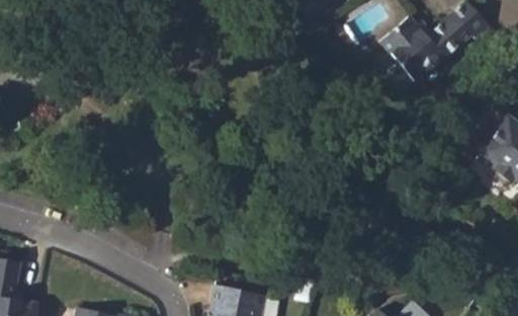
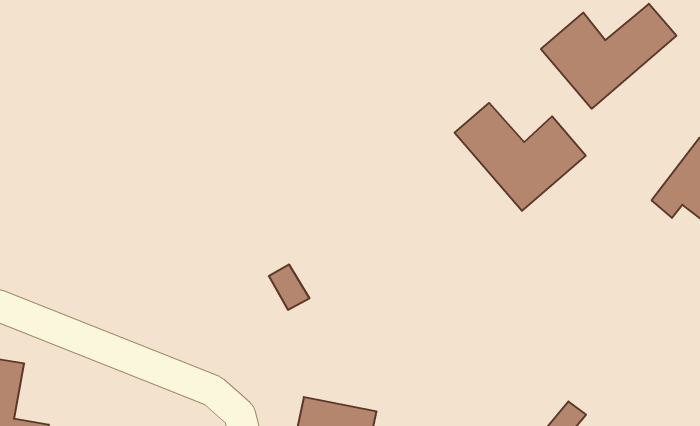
building: none -> [455,103,586,211]

